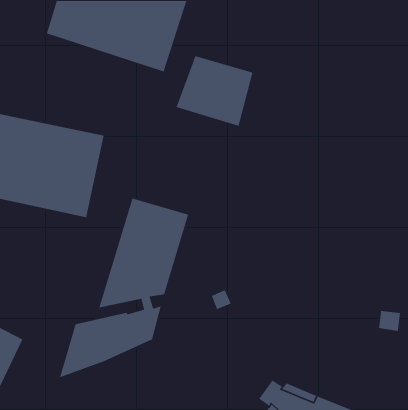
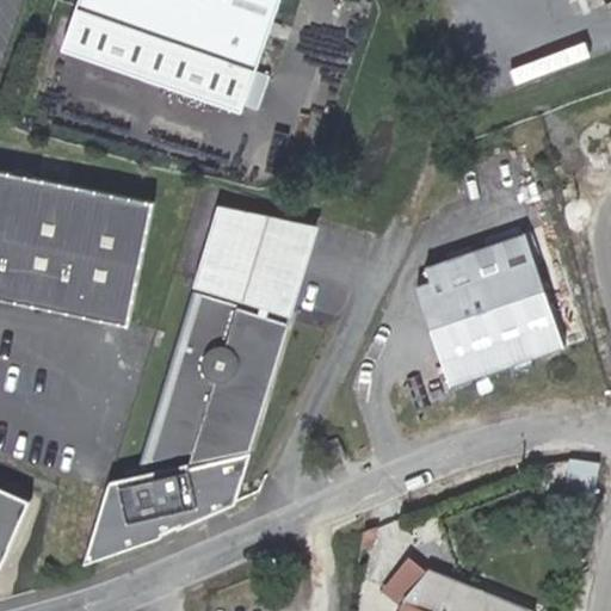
building: [176,55,254,127] -> [191,206,307,313]
building: none -> [414,234,561,387]

